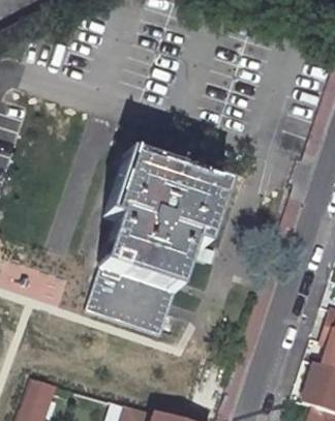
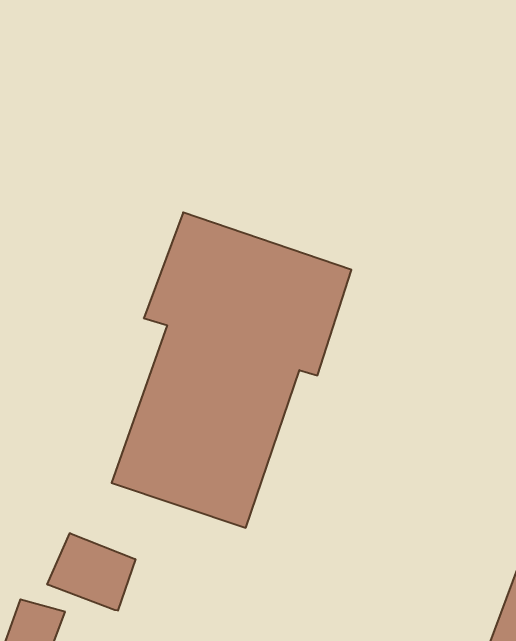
building: none -> [47,533,135,611]

